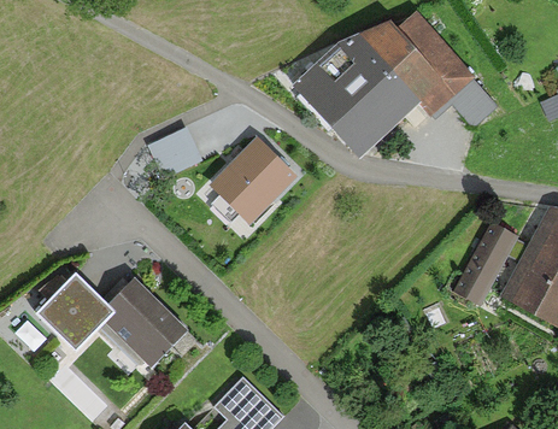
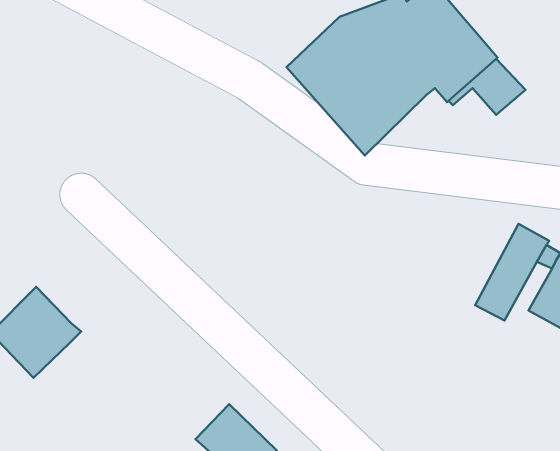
building: [149,128,199,175] -> none
building: [207,136,296,225] -> none
building: [105,277,188,368] -> none

